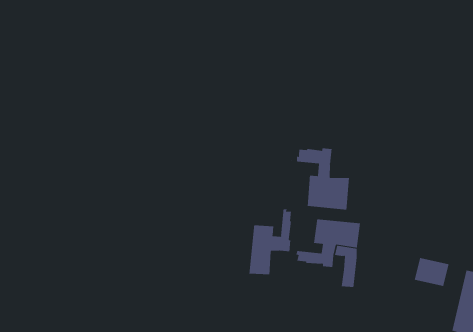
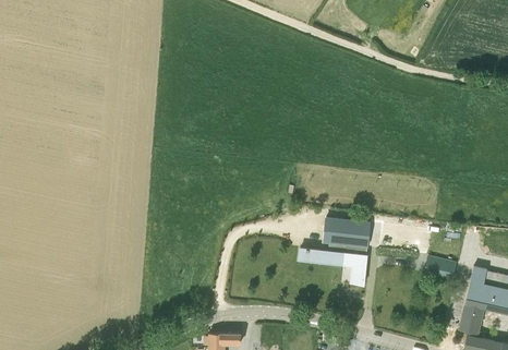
building: [291,147,349,211] -> none
building: [249,201,291,275] -> none

